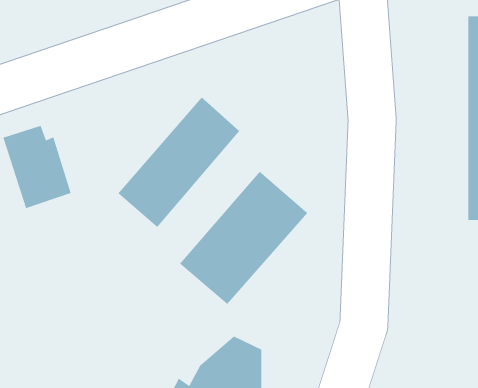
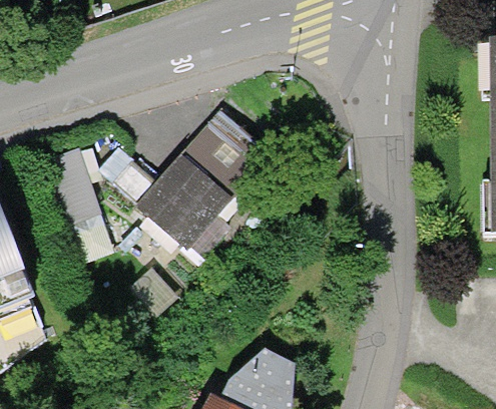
building: [179,171,308,305] -> none

